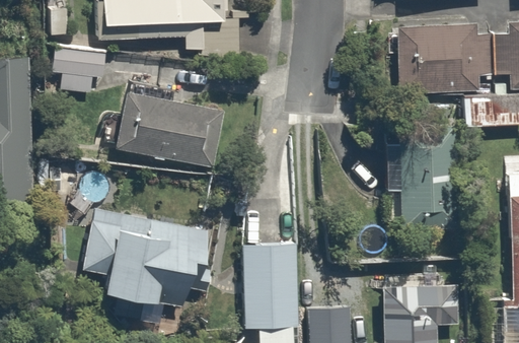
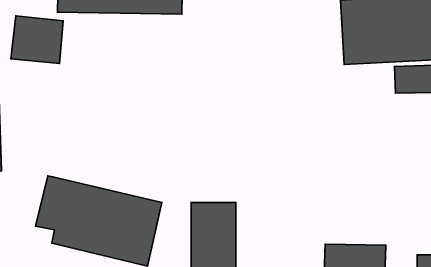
building: [120,91,225,166] -> none
building: [394,141,440,226] -> none

